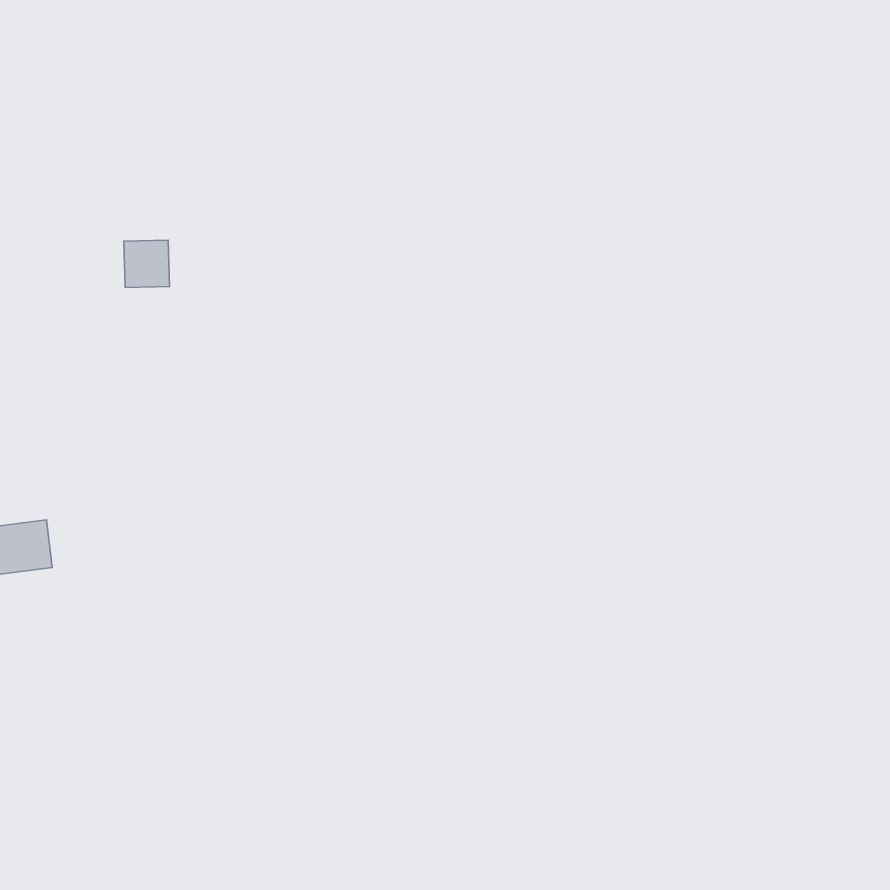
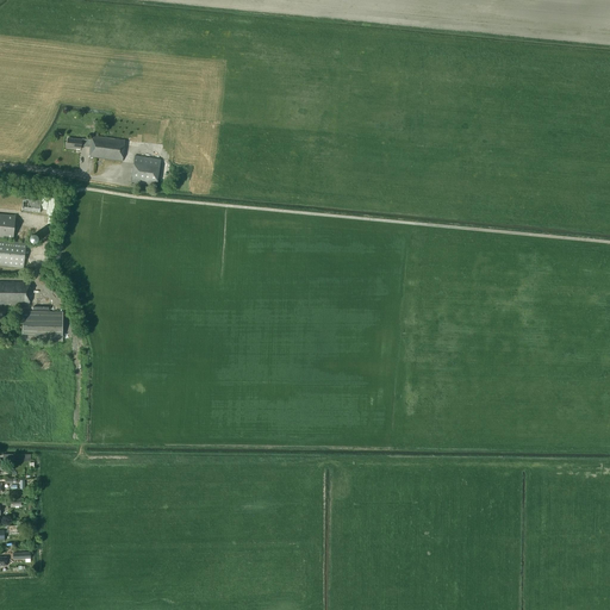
building: none -> [66,135,124,160]

